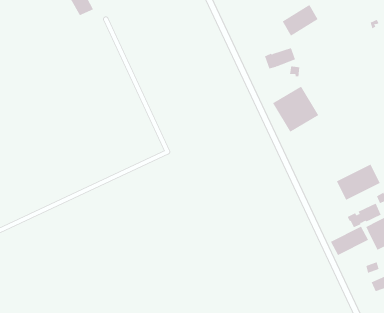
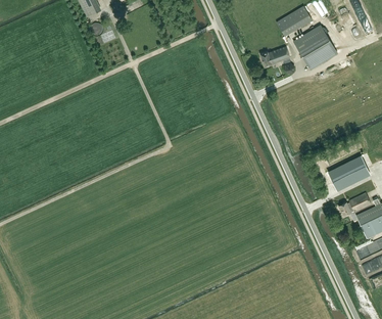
building: [272,86,319,132] -> [293,26,337,70]
building: [330,226,369,256] -> none

